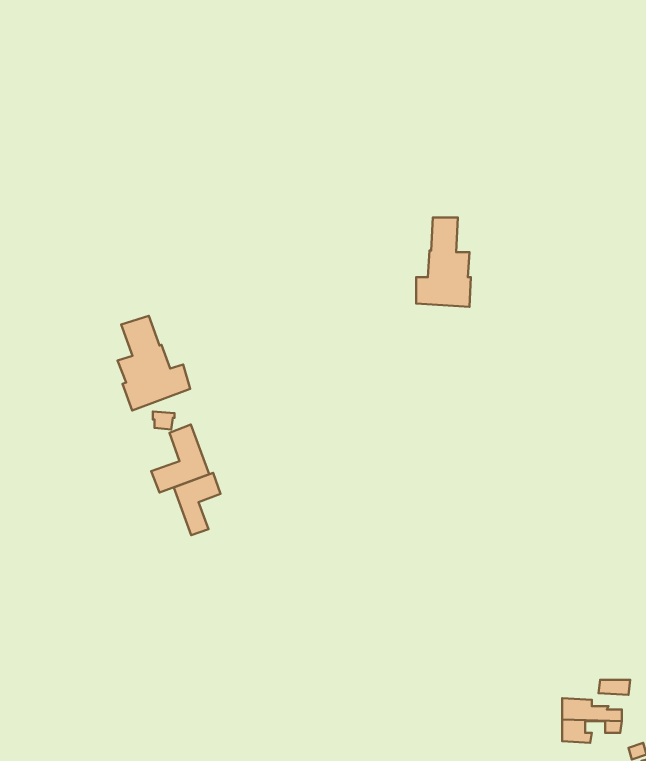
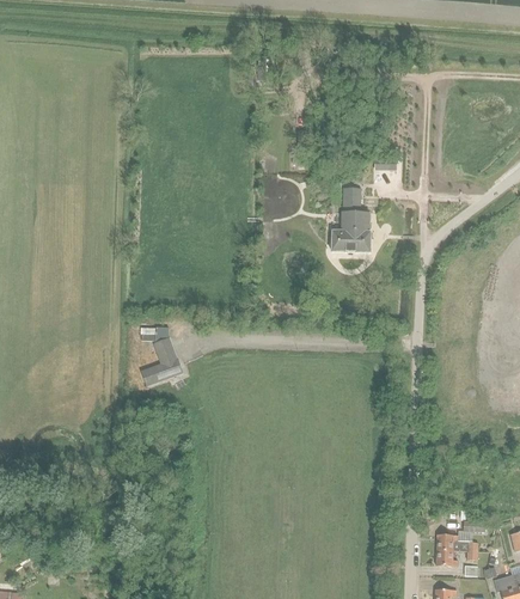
building: [118,316,190,410] -> none
building: [174,473,221,535] -> none

